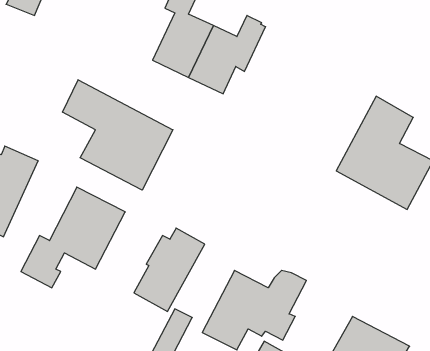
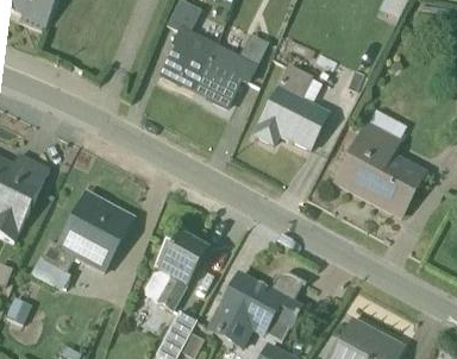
building: none -> [255,53,331,150]
building: [63,80,173,190] -> none

